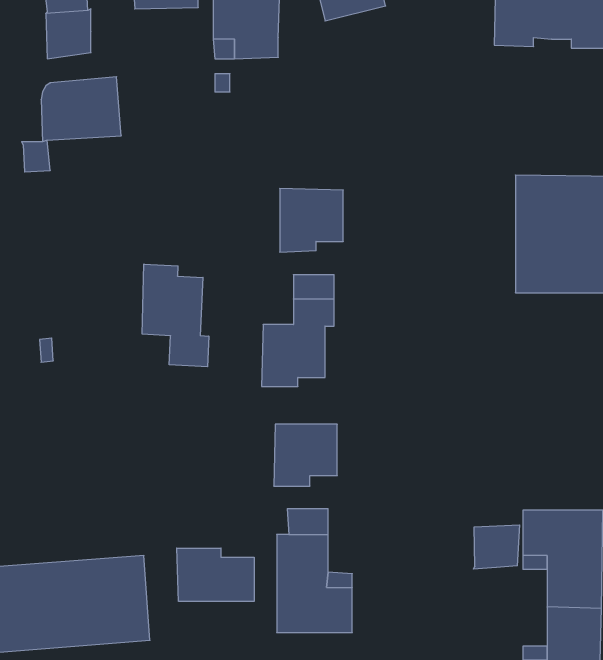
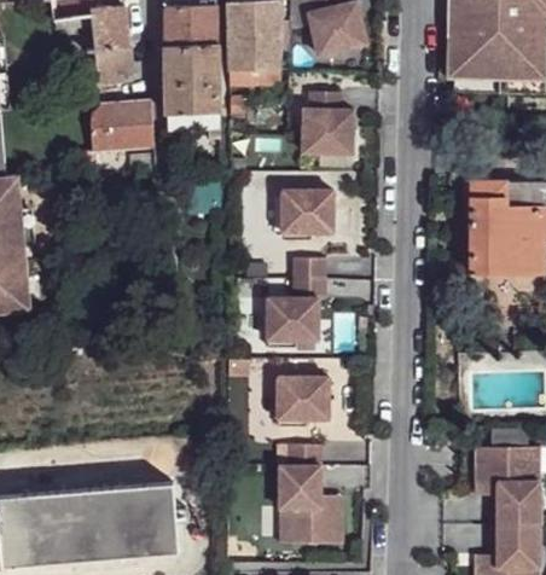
building: none -> [165,45,220,129]
building: none -> [302,93,354,155]
building: [142,264,209,367] -> none
building: [474,525,520,569] -> none
building: [177,548,254,601] -> none

